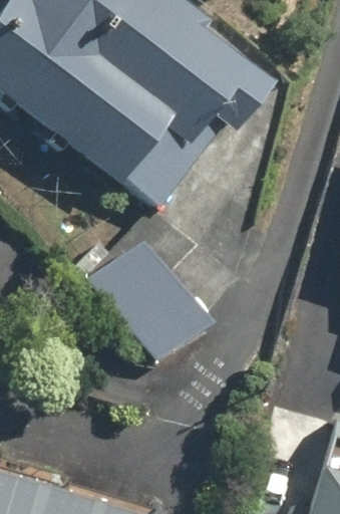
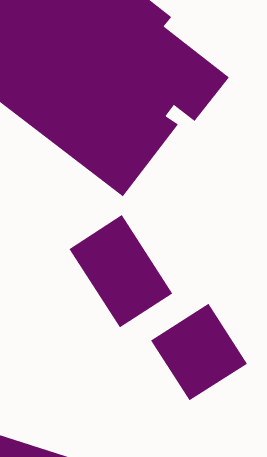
building: none -> [150,303,248,401]

